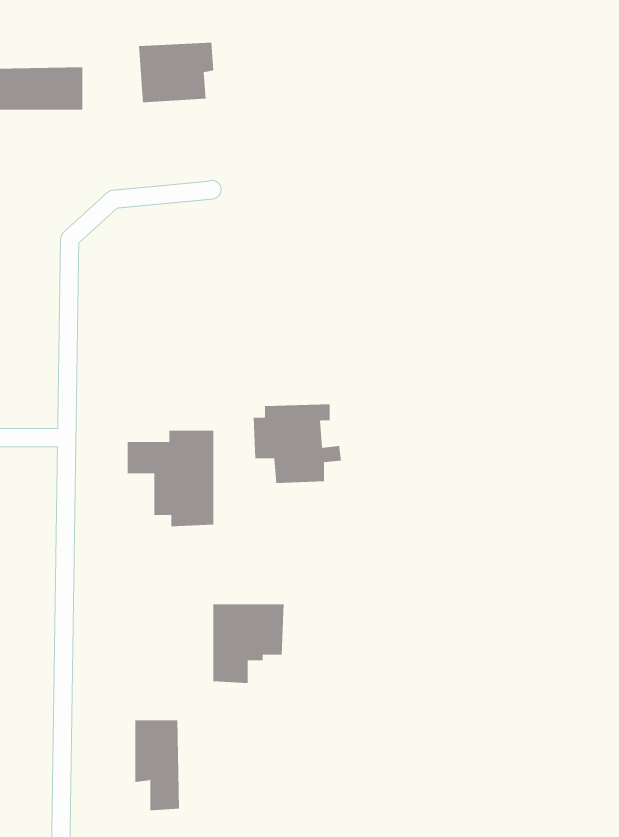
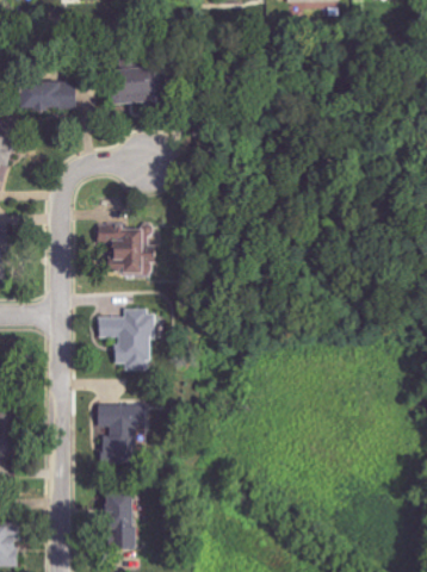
building: [253,404,342,483] -> [106,224,162,274]
building: [212,604,284,683] -> [99,412,144,462]

